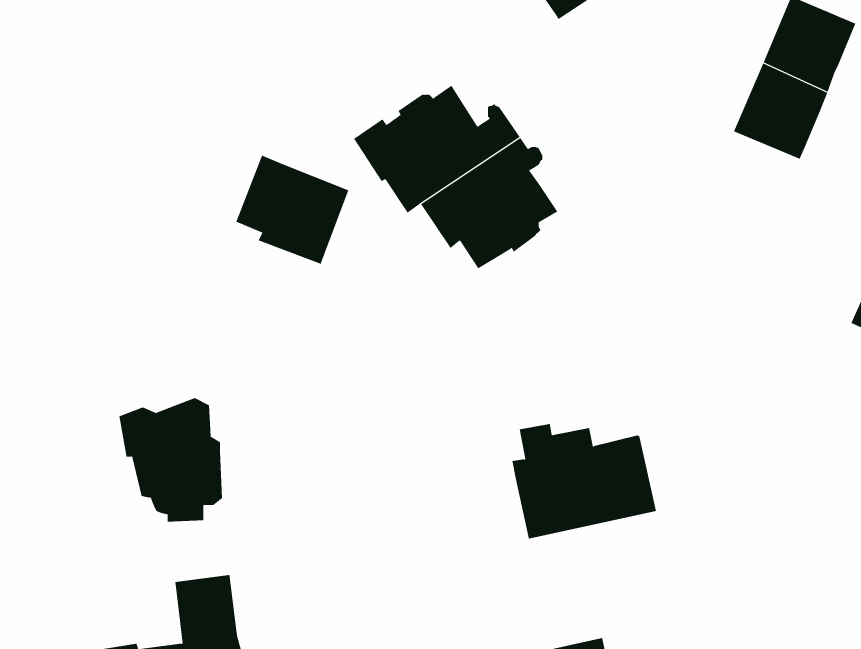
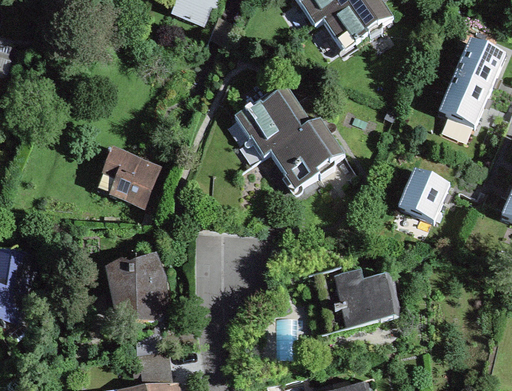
building: [235,155,349,265] -> [98,147,159,206]
building: none -> [397,169,449,222]

